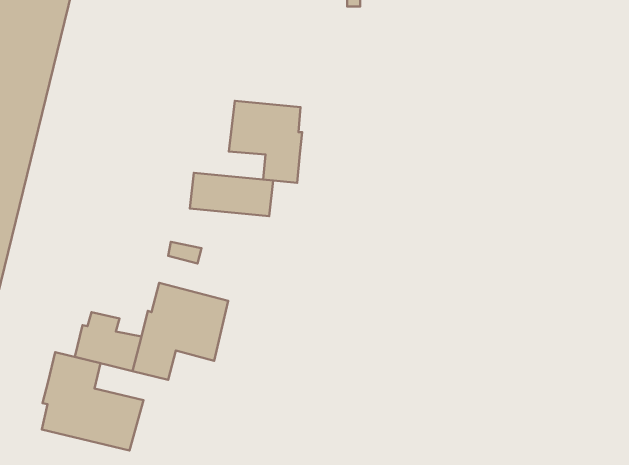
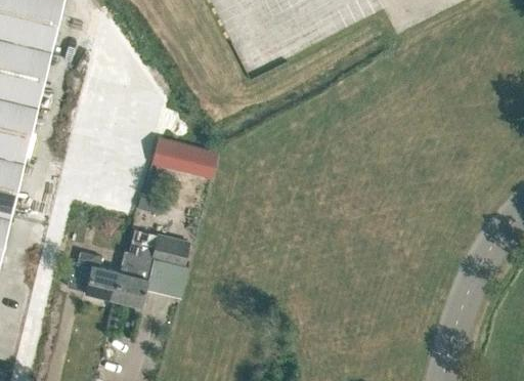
building: [229,101,302,183] -> none
building: [42,352,143,451] -> none

